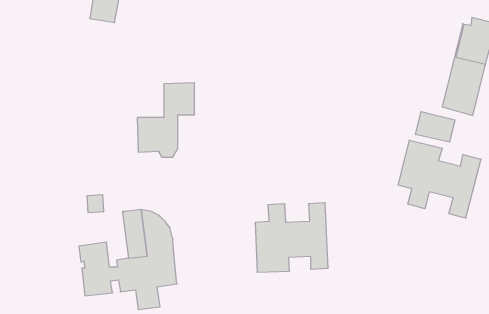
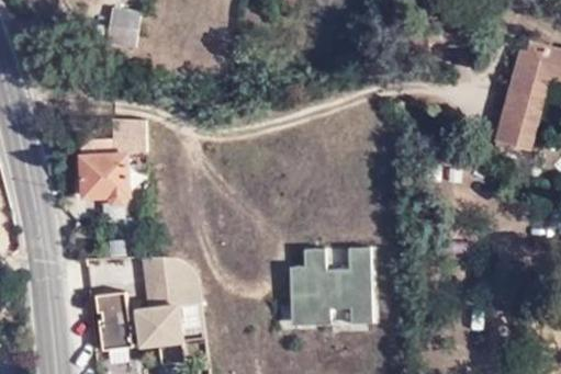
building: [137,83,195,157] -> [79,116,143,199]
building: [415,111,455,142] -> none
building: [398,140,481,218] -> none

